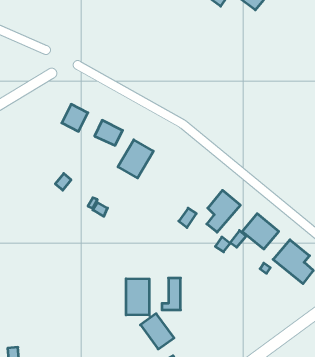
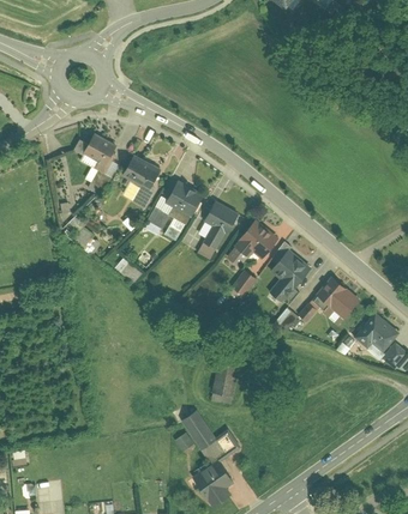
building: none -> [192,201,238,250]
building: none -> [223,219,276,265]
building: [126,279,149,315] -> none

